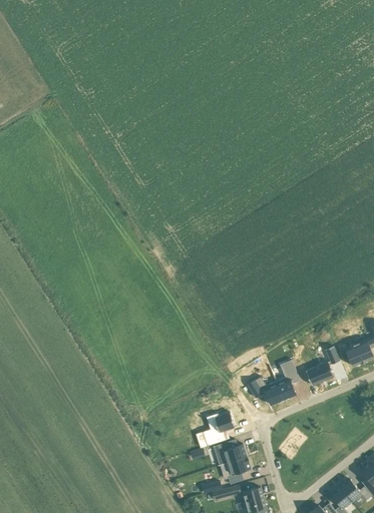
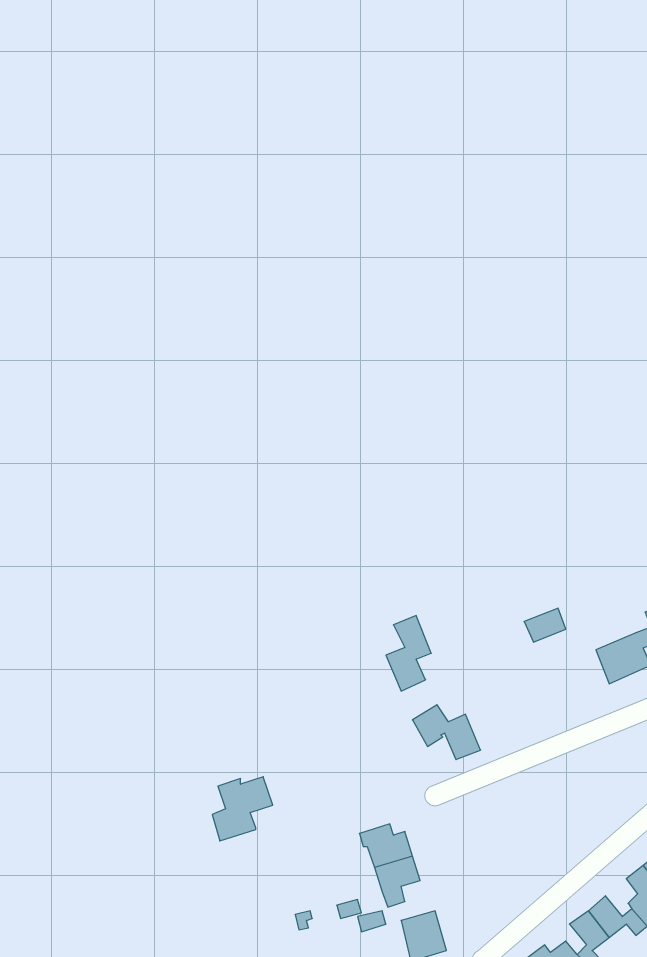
building: [305,346,339,386] -> none
building: [276,362,300,402] -> [386,616,431,691]
building: [203,412,235,446] -> [212,777,273,841]

